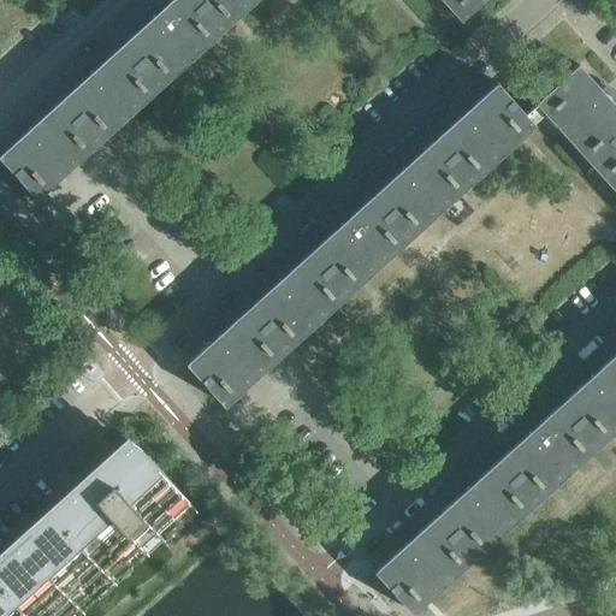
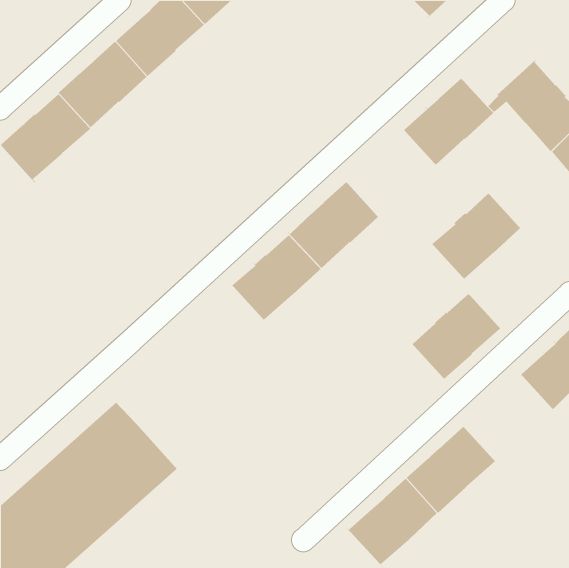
building: [373,141,473,238] -> [430,191,522,281]
building: [186,308,288,407] -> none
building: [499,404,599,502] -> [410,291,503,382]

